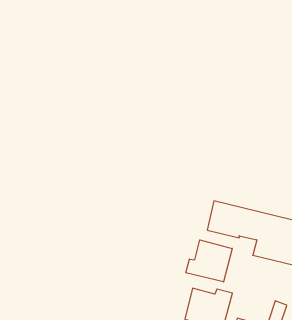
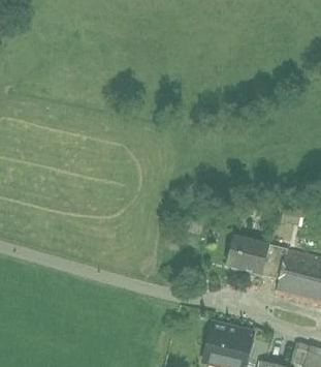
building: [186,240,232,282] -> none

